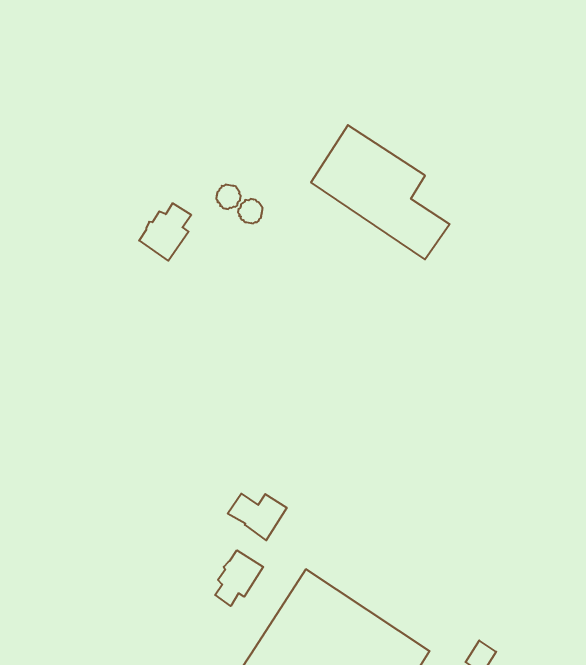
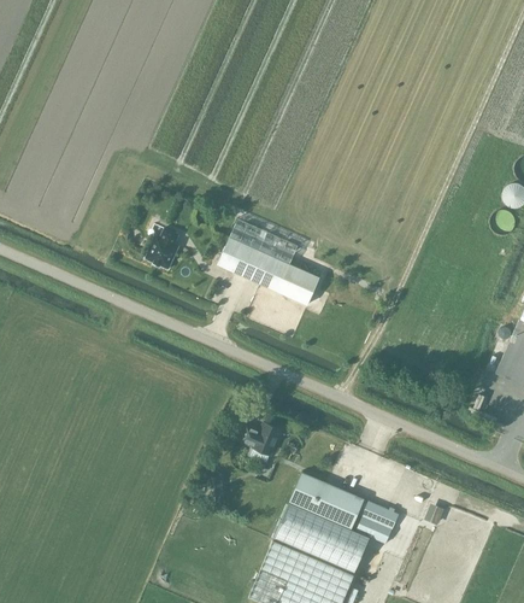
building: [311,125,450,259] -> [220,221,323,306]
building: [215,550,263,606] -> none

